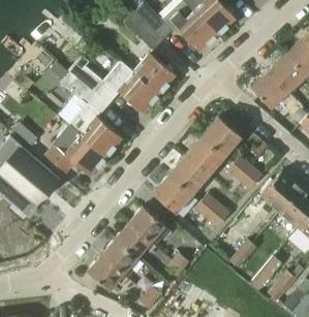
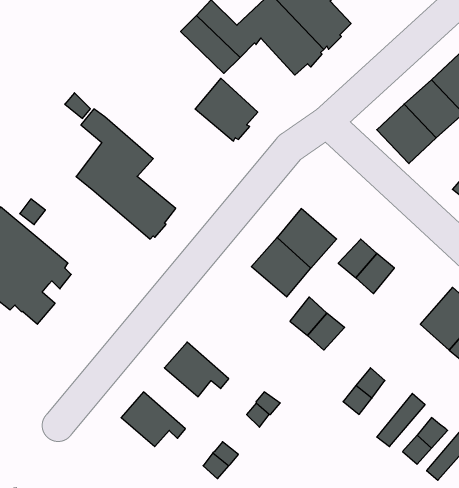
building: [76,60,159,112] -> none
building: [203,117,242,156] -> none
building: [45,125,105,175] -> none
building: [260,170,300,211] -> none
building: [153,173,193,213] -> none
building: [129,205,164,246] -> none
building: [101,239,136,278] -> none

